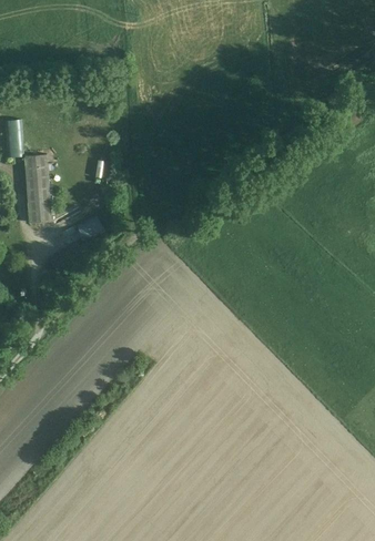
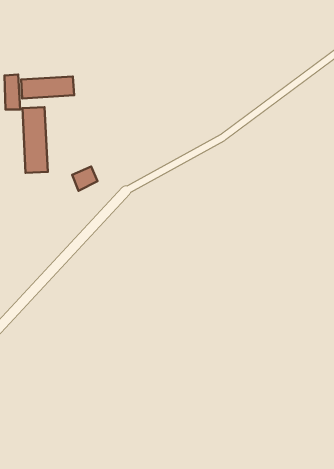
building: none -> [21,76,74,98]

